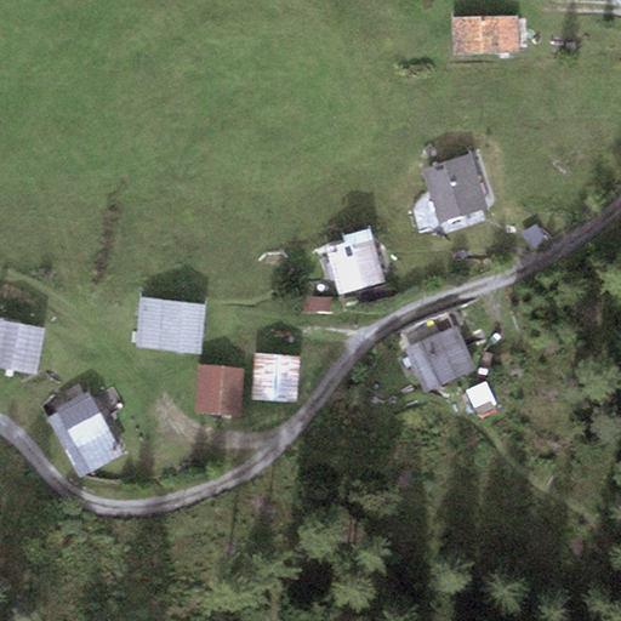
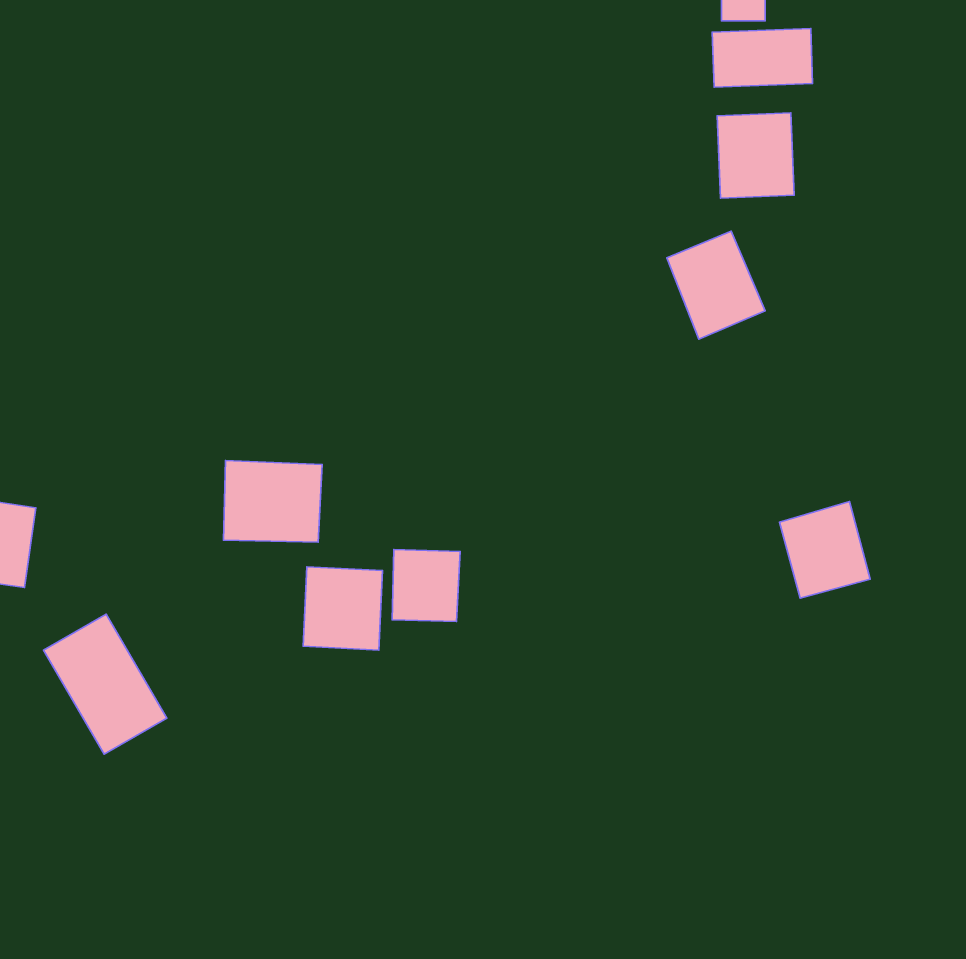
building: none -> [717,113,794,198]
building: [334,232,382,289] -> none
building: [406,329,465,391] -> [779,501,870,598]

